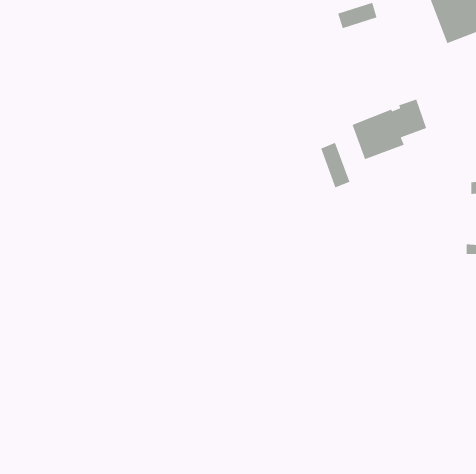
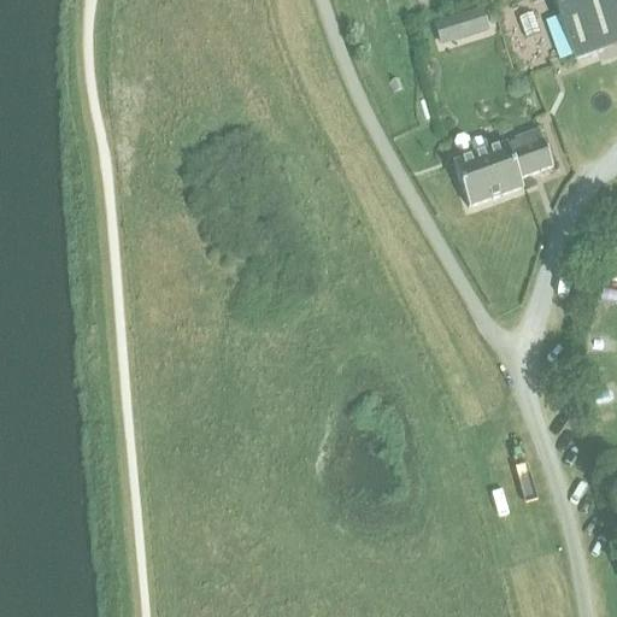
building: [320,142,351,188] -> none

